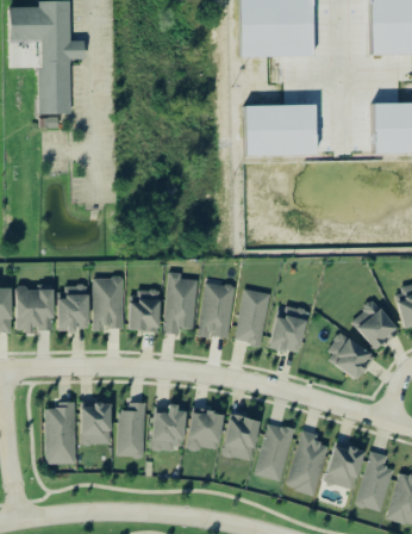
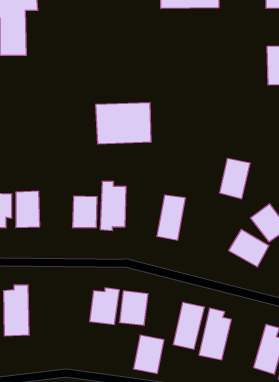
building: [244,104,313,155] -> [96,103,151,144]
building: [93,275,123,330] -> none
building: [198,281,236,337] -> none
building: [271,303,310,353] -> [220,158,250,199]
building: [117,401,145,455] -> none
building: [82,402,112,443] -> none
building: [223,412,261,460] -> [133,335,164,373]
building: [327,441,364,489] -> none

